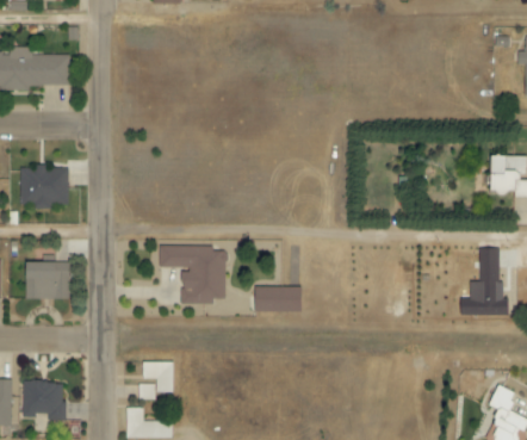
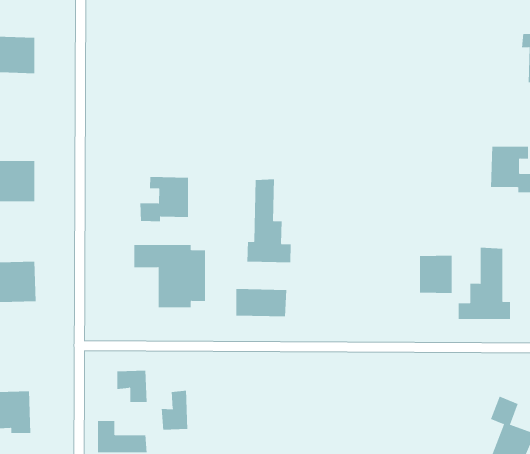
building: none -> [140,176,188,222]
building: none -> [247,178,291,263]
building: none -> [419,255,452,294]
building: none -> [161,390,188,431]

